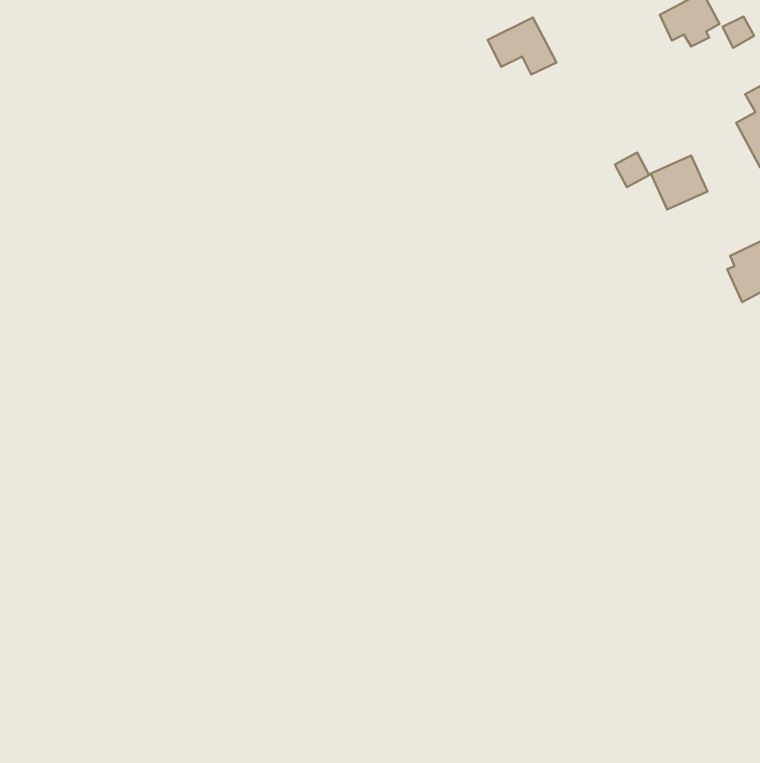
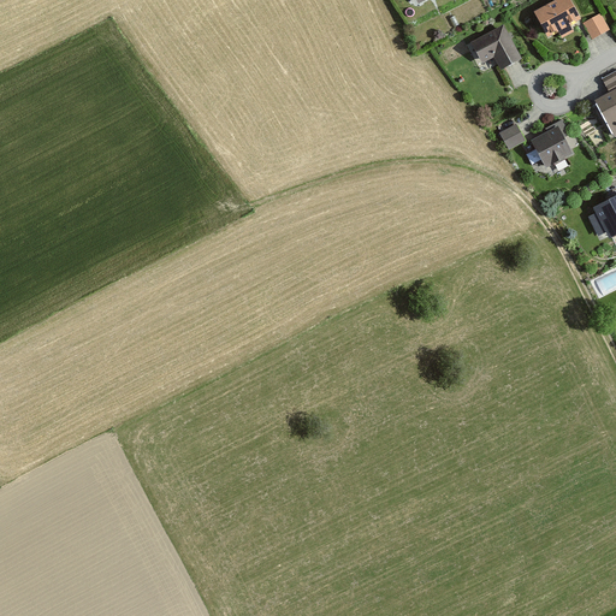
building: [488,18,557,74] -> [467,23,522,69]

